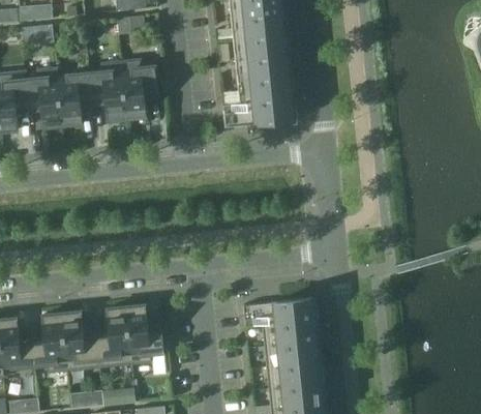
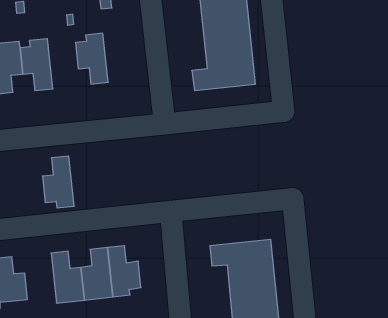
building: [122,60,159,118] -> none
building: [60,72,94,125] -> none
building: [33,313,69,372] -> [42,156,74,208]

